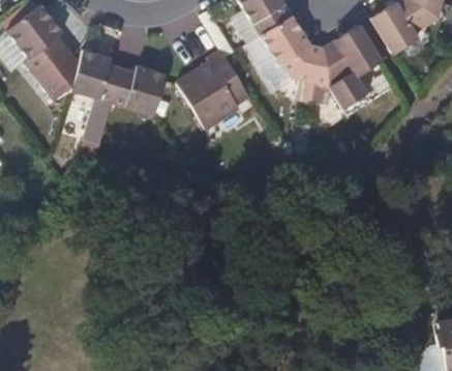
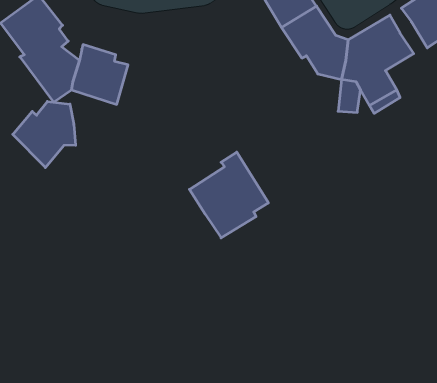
building: [179,48,251,126] -> [189,152,268,238]
building: [111,66,163,116] -> none
building: none -> [13,101,76,168]

